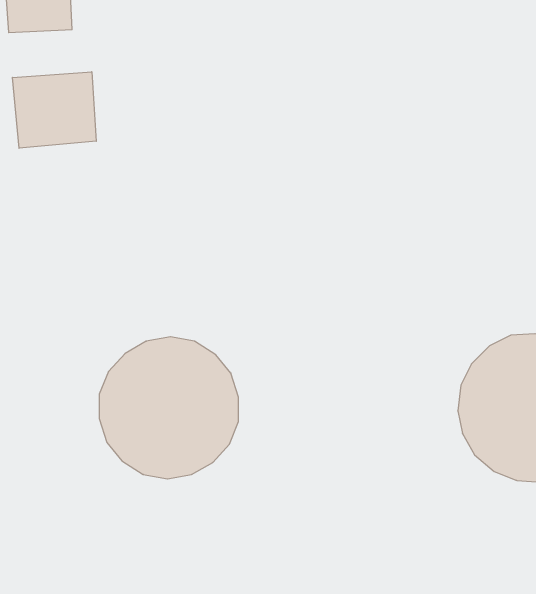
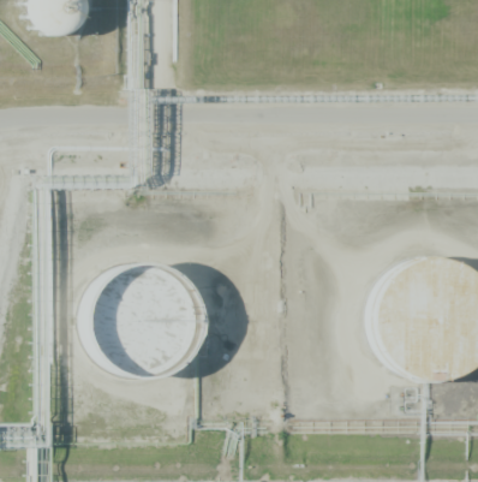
building: [12,72,96,148] -> none

